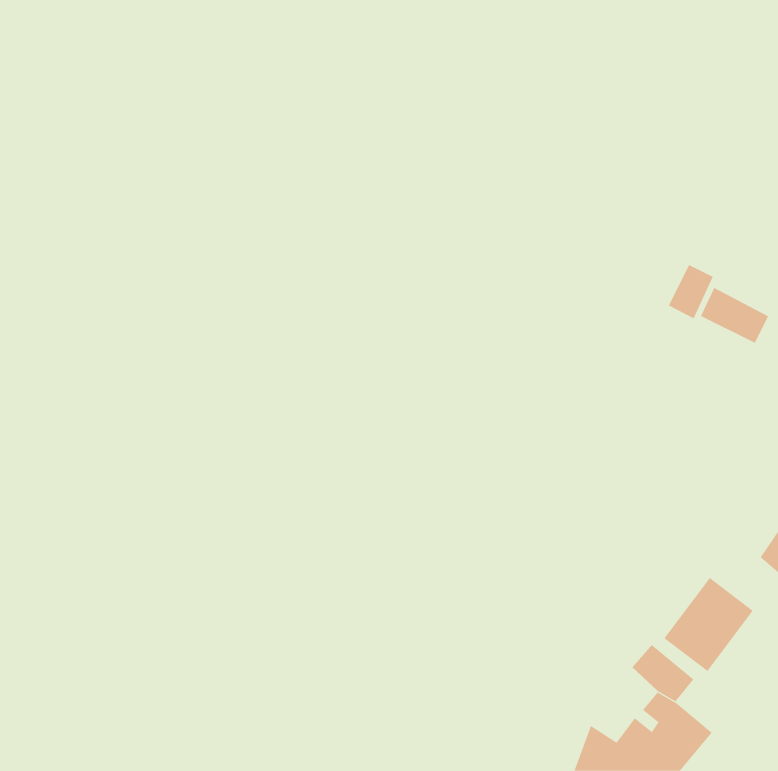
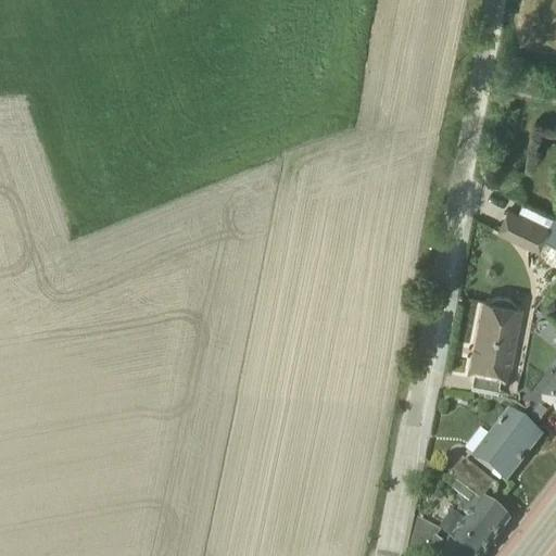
building: [668,264,714,319] -> none
building: none -> [471,296,525,384]

